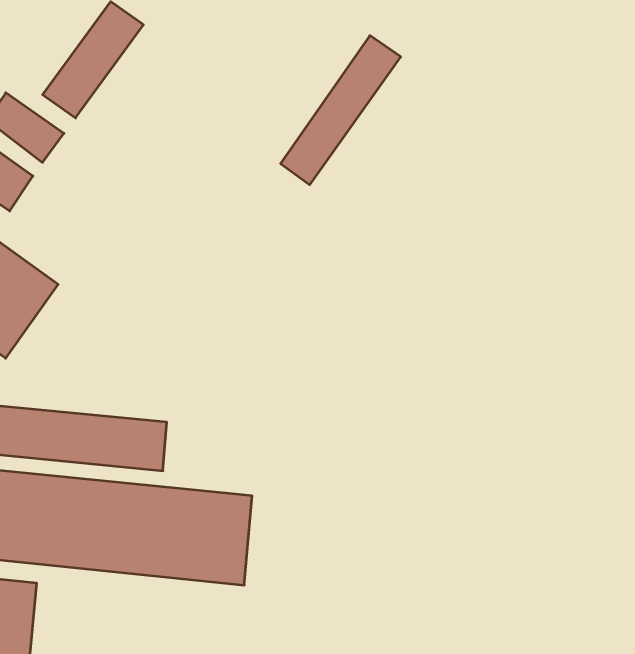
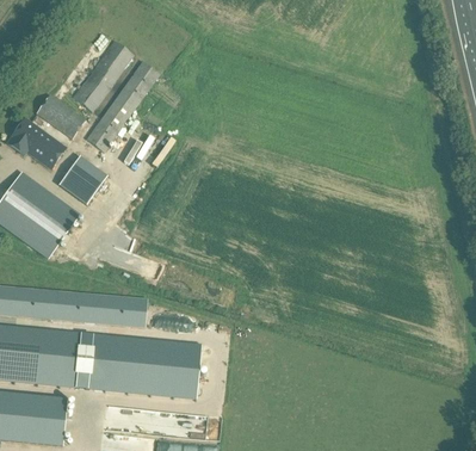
building: [281,36,401,185] -> [85,60,159,152]
building: none -> [57,155,106,205]

